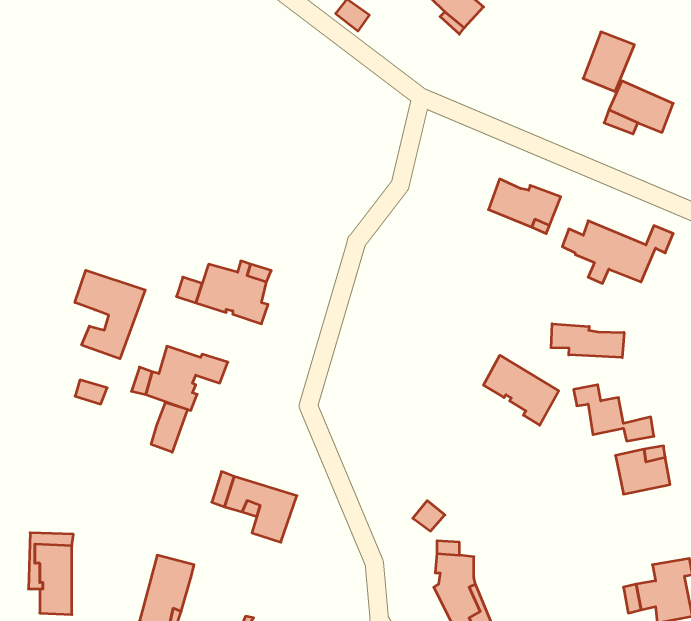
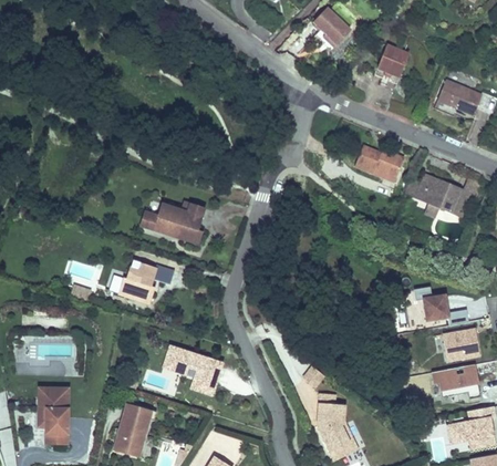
building: [583,32,634,91] -> [374,42,410,83]
building: [75,270,145,359] -> none
building: [551,324,624,358] -> none
building: [484,355,559,425] -> none
building: [151,402,187,452] -> none
building: none -> [432,365,480,400]

